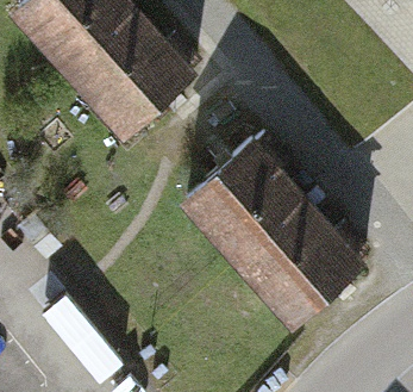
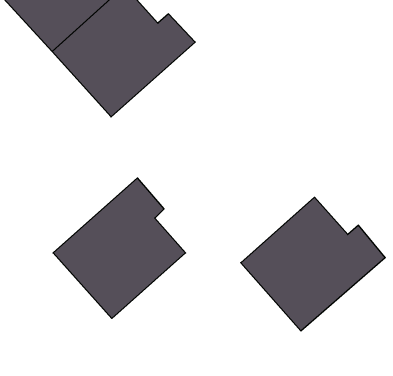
building: [184,136,302,261] -> [53,178,186,318]

